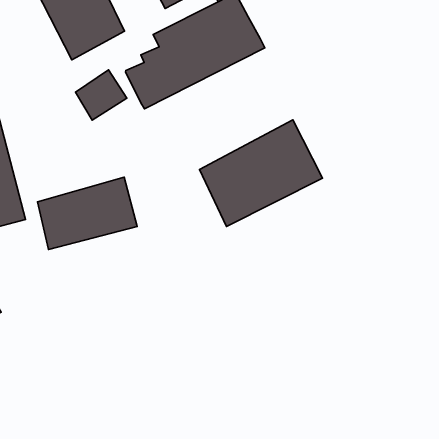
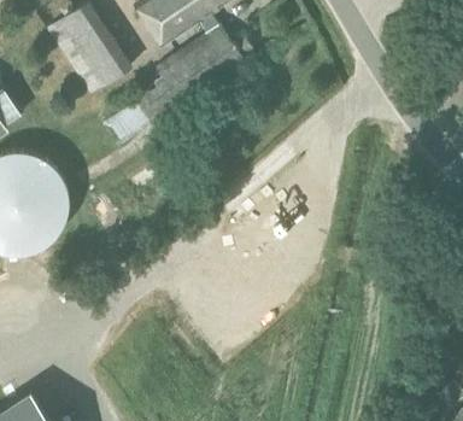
building: [200,120,323,227] -> none
building: [38,177,137,250] -> none

